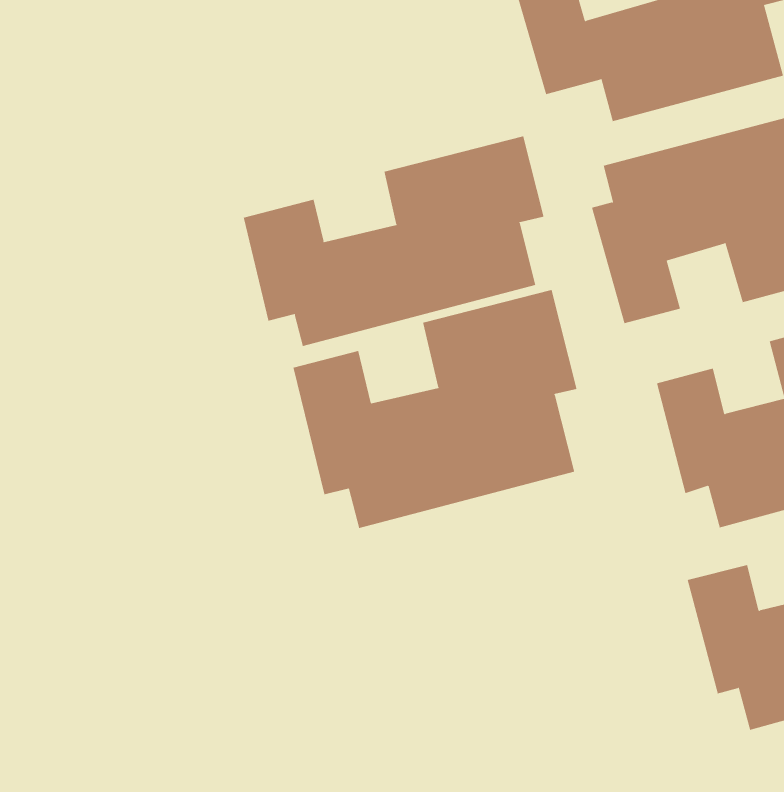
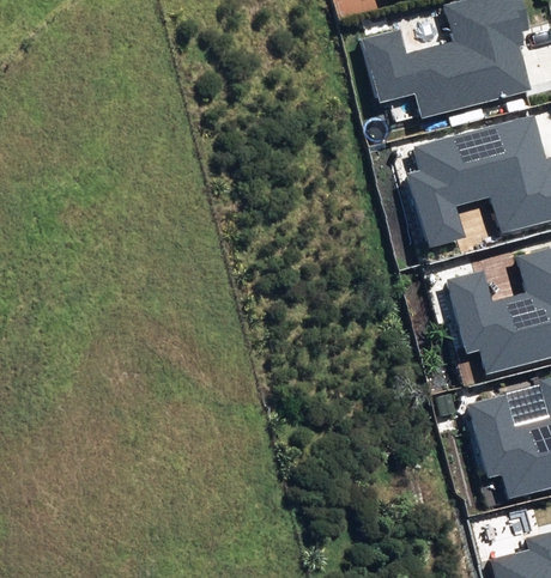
building: [243,136,544,347] -> none
building: [293,289,577,529] -> none

